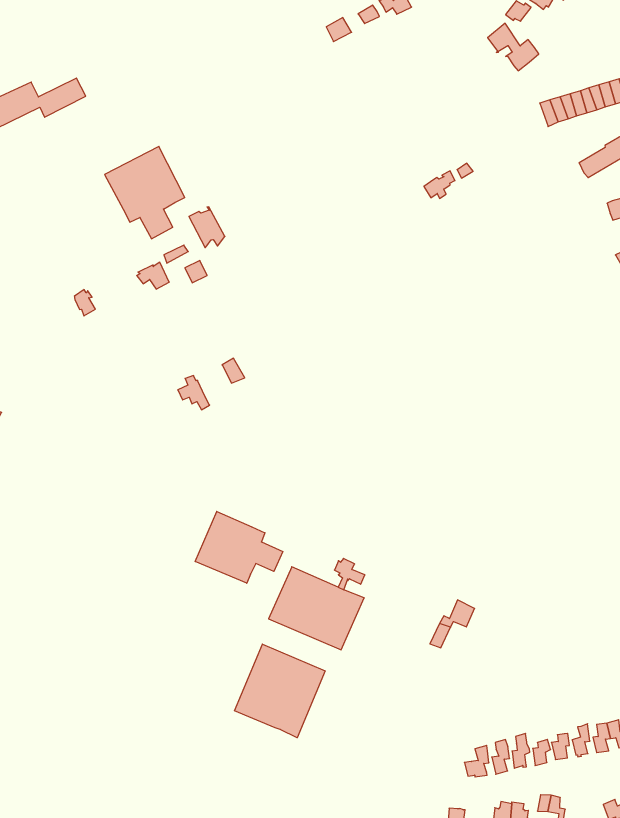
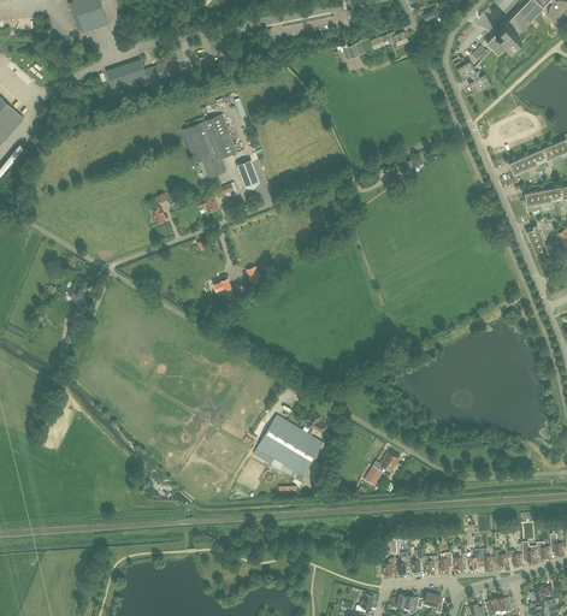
building: [195,511,283,583] -> none
building: [235,644,325,738] -> none

